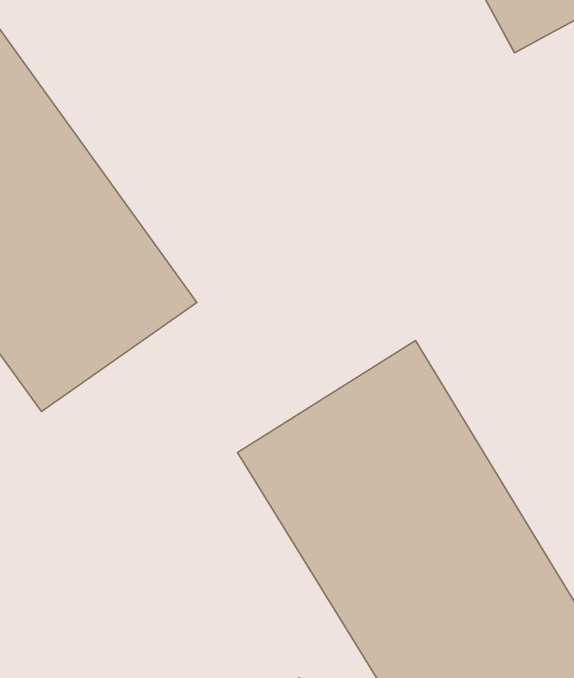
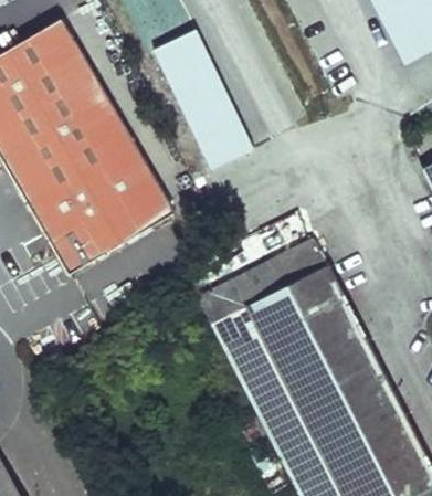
building: none -> [151,27,252,169]

